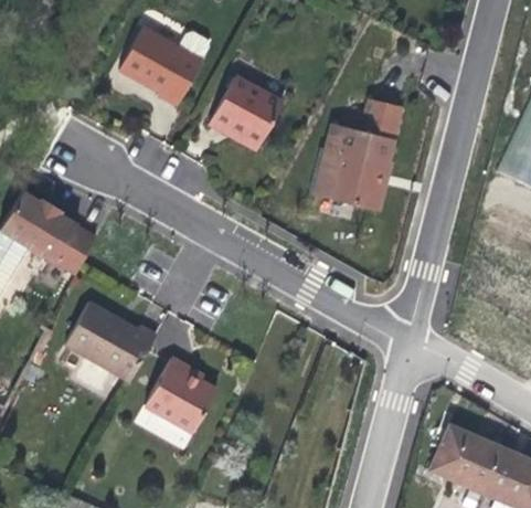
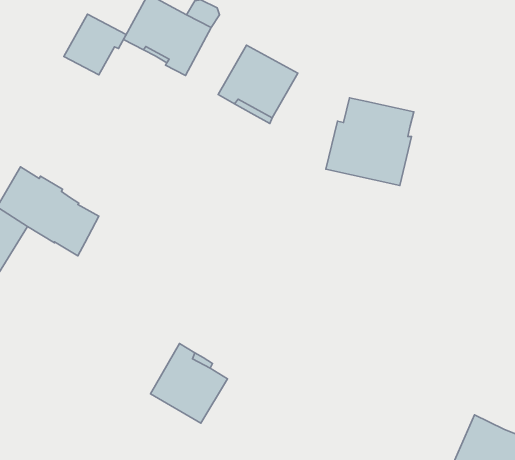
building: none -> [64,14,126,75]
building: [350,99,402,138] -> none
building: [67,301,157,380] -> none

